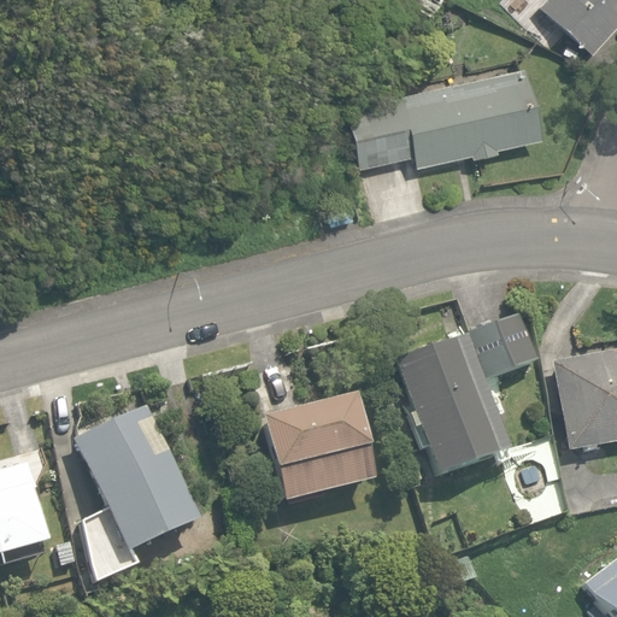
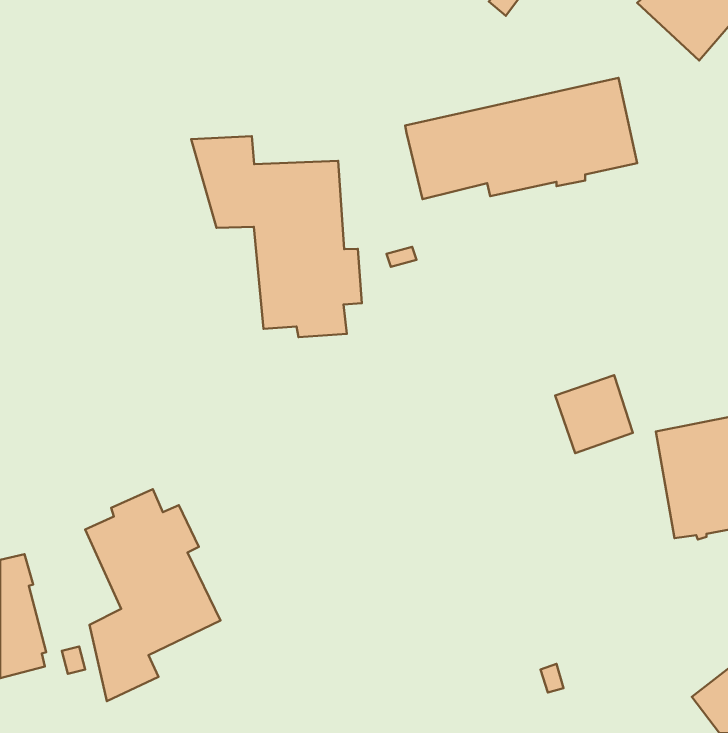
building: none -> [191,136,362,337]
building: [399,333,509,475] -> none
building: [260,396,372,503] -> none

